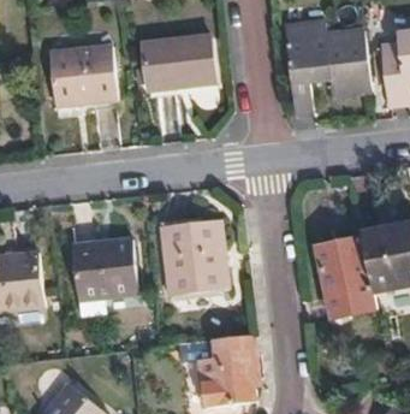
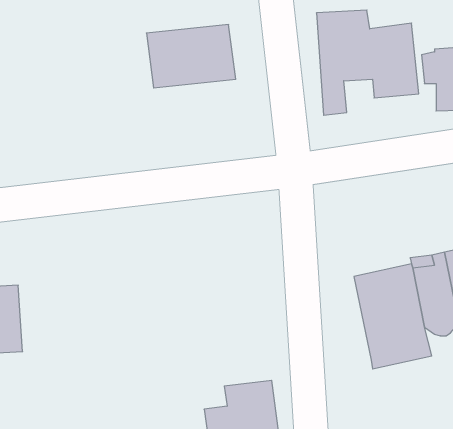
building: [49,42,120,105] -> none
building: [159,217,225,292] -> none
building: [71,235,136,297] -> none

